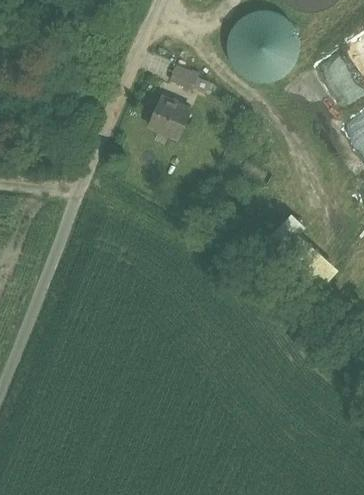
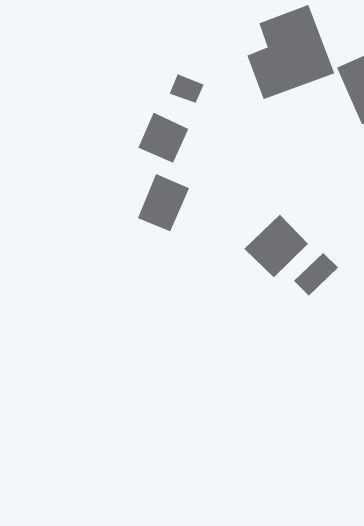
building: none -> [137,173,190,232]
building: none -> [244,214,309,278]

